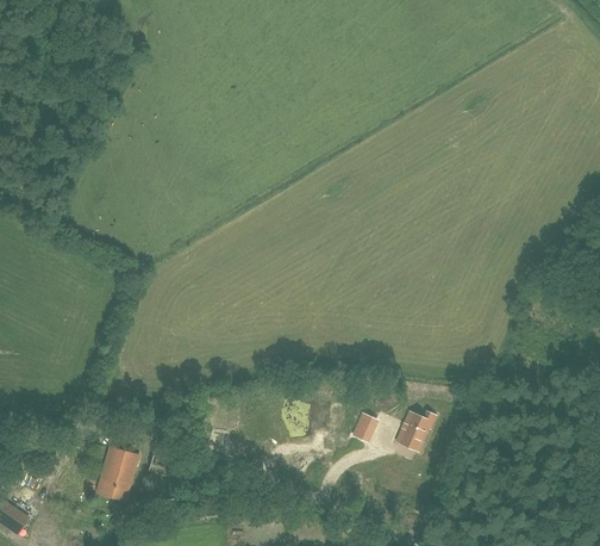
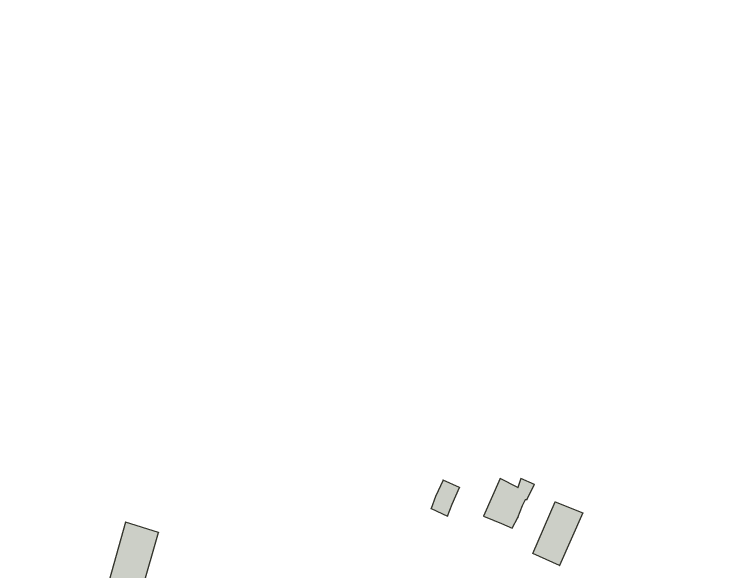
building: none -> [533,502,583,566]

